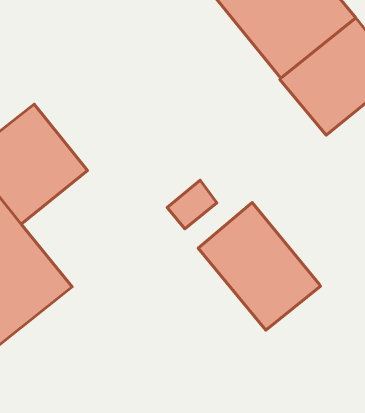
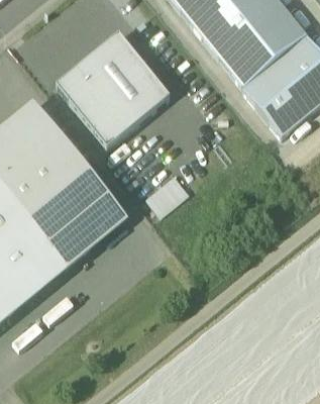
building: none -> [57,31,170,145]
building: none -> [22,163,122,262]
building: [198,203,321,330] -> none

